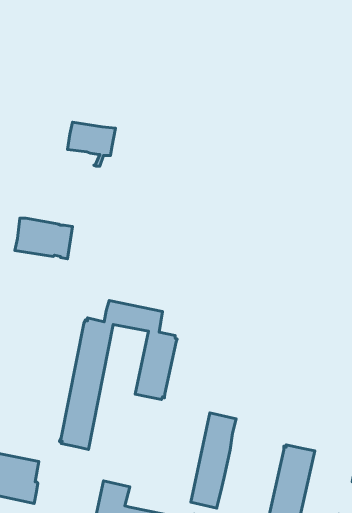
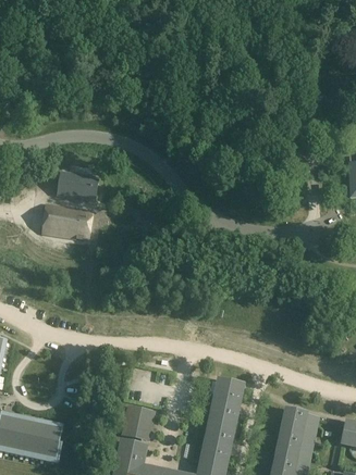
building: [68,122,115,166] -> [57,170,100,210]
building: [60,301,177,449] -> none
building: none -> [124,407,154,437]

